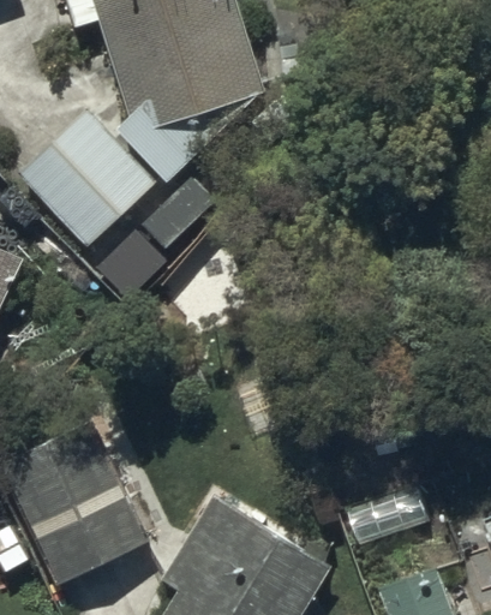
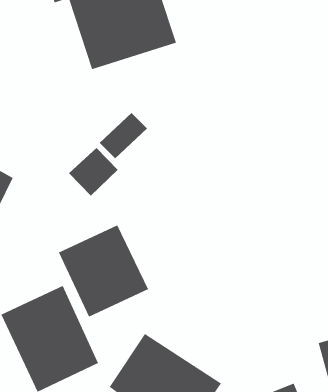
building: [18,113,154,249] -> none
building: none -> [58,225,149,318]

